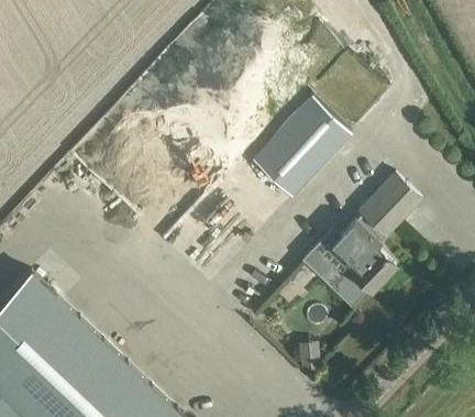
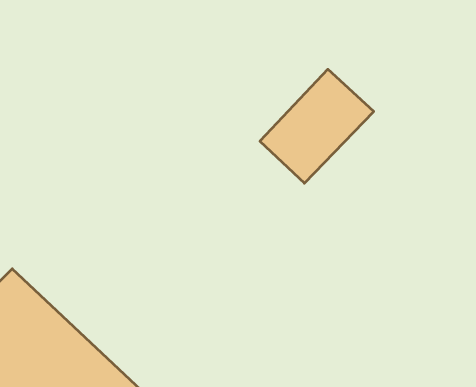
building: [302,173,420,306] -> none

